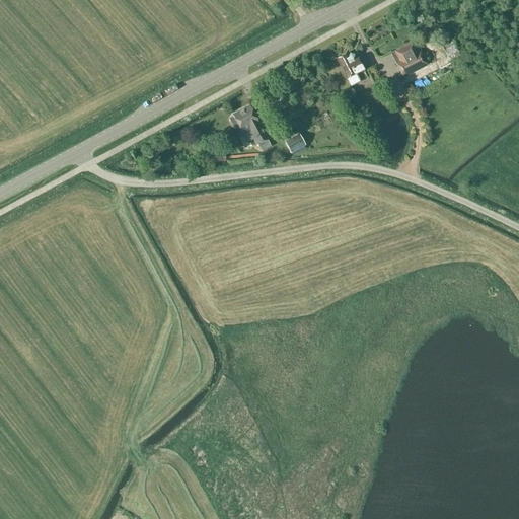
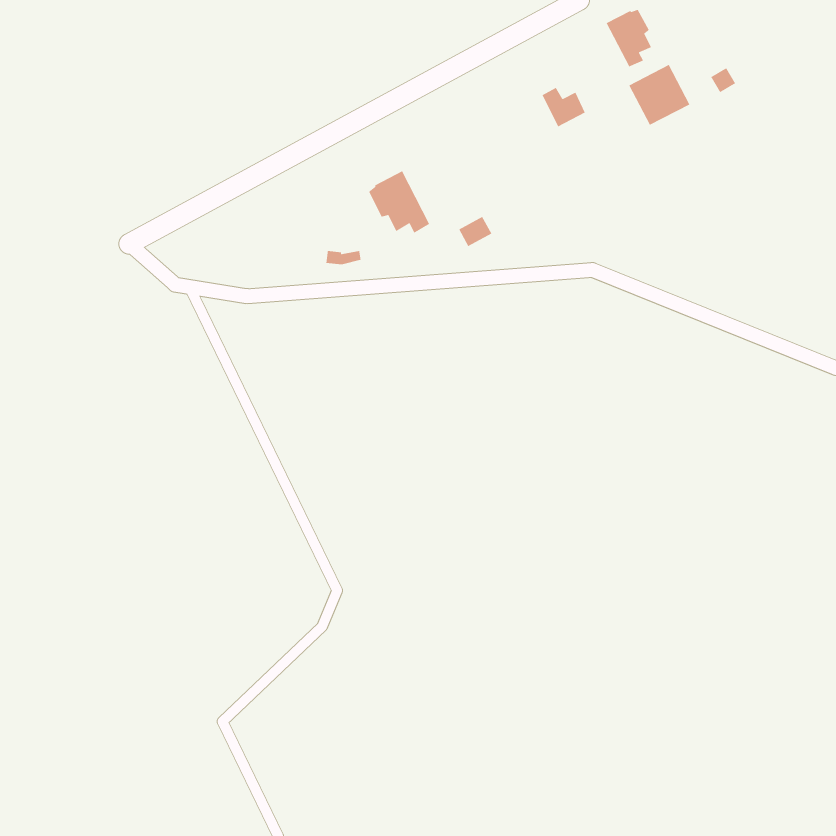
building: none -> [605,9,652,68]

